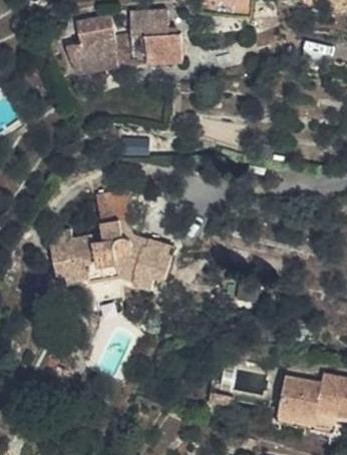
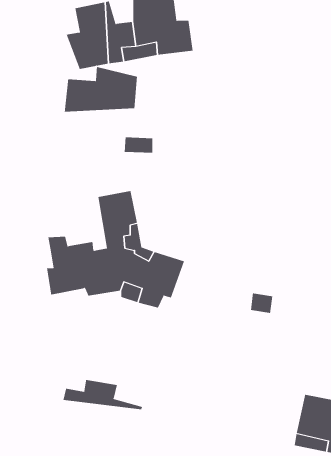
building: none -> [64,66,137,112]
building: none -> [63,379,143,410]

